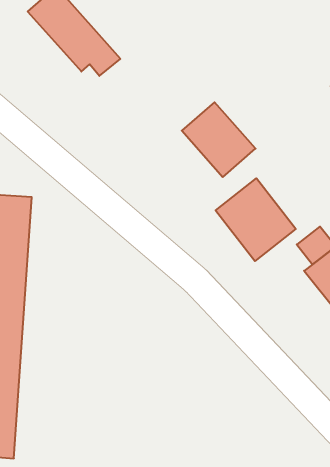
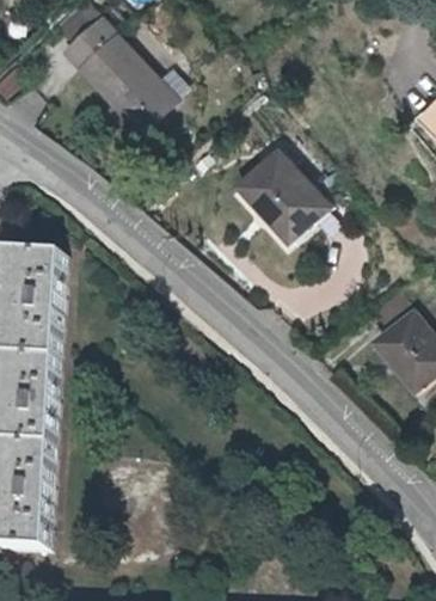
building: [216,178,296,261] -> none

